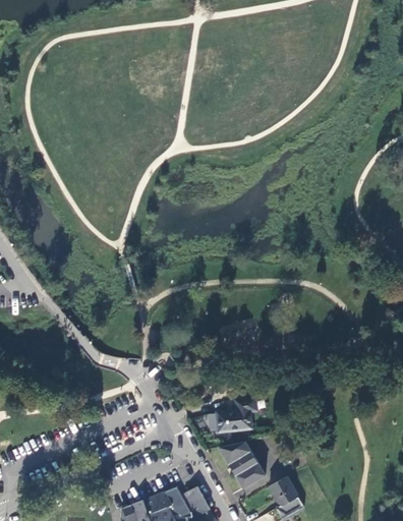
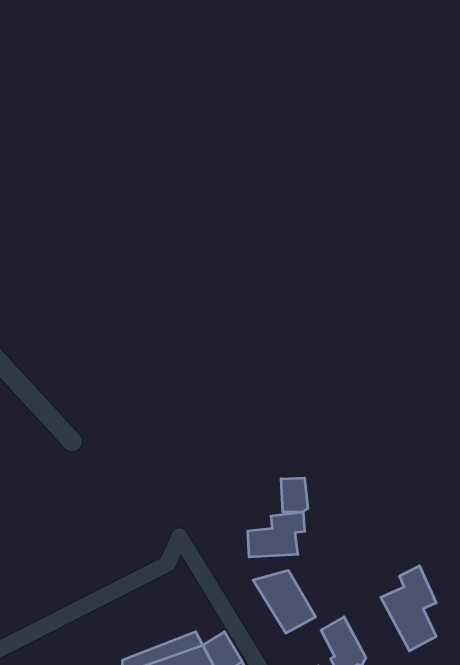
building: none -> [281,478,308,512]
building: none -> [381,566,436,651]

